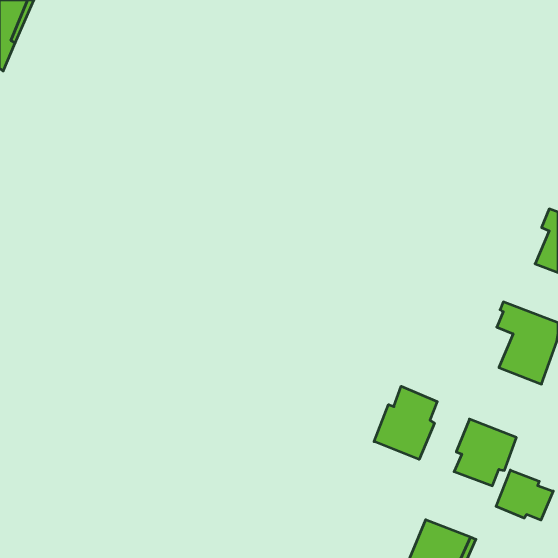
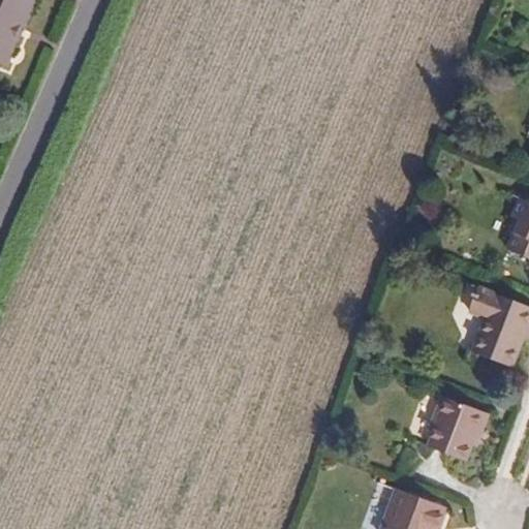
building: [374,386,437,459] -> none
building: [496,470,553,520] -> none

